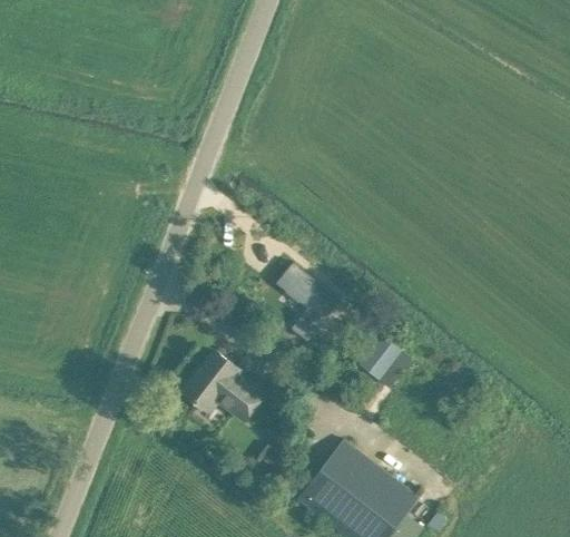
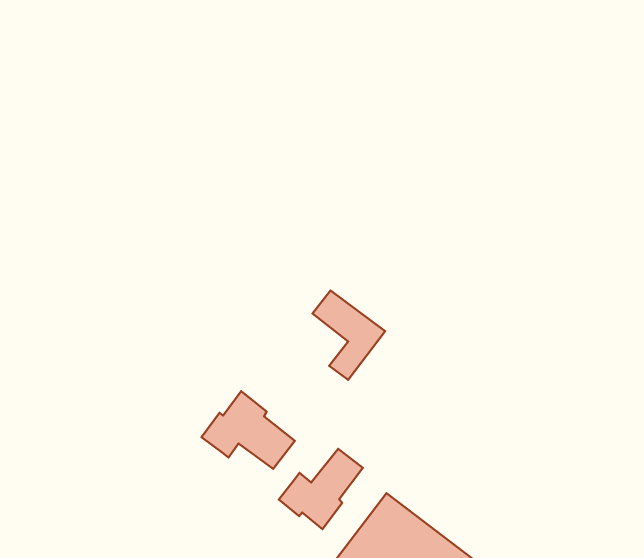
building: [358,334,402,380] -> none
building: none -> [279,449,363,529]

